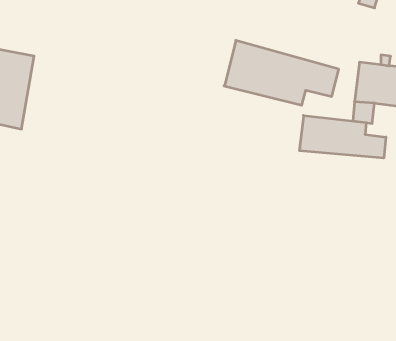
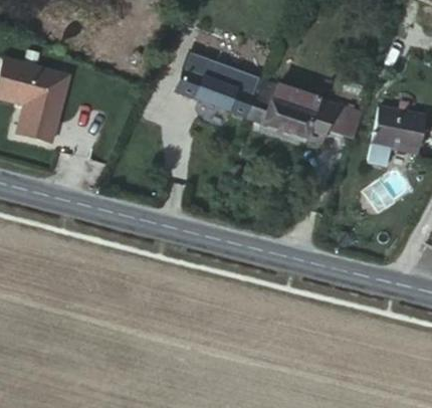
building: none -> [178,53,263,118]
building: [300,115,386,158] -> none

